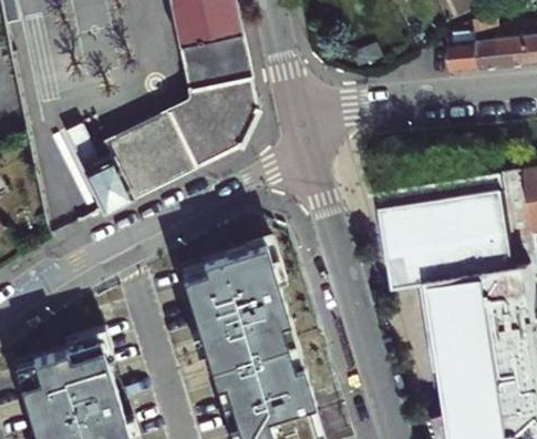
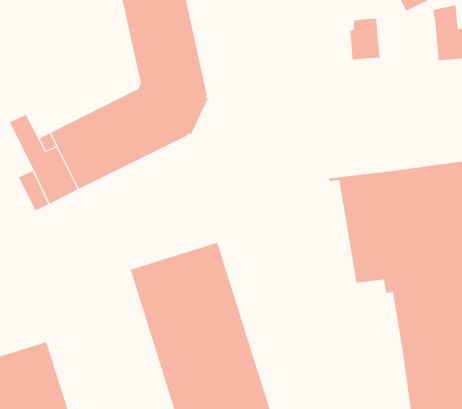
building: [450,33,479,74] -> [350,18,380,60]

